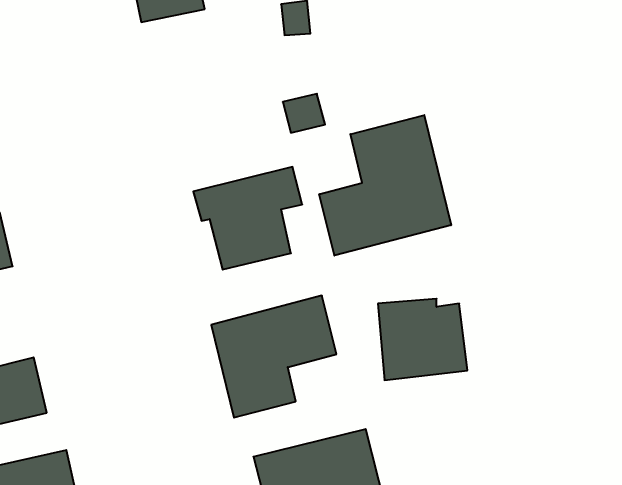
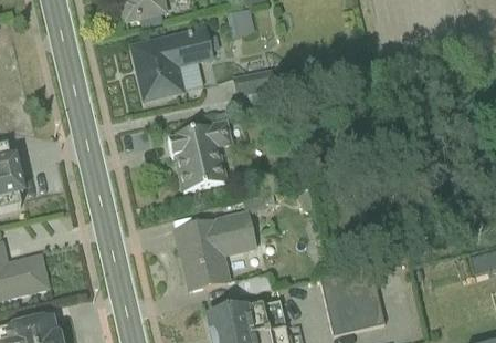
building: none -> [128,23,212,100]
building: [319,115,451,256] -> none
building: [378,299,467,380] -> [315,270,376,325]

